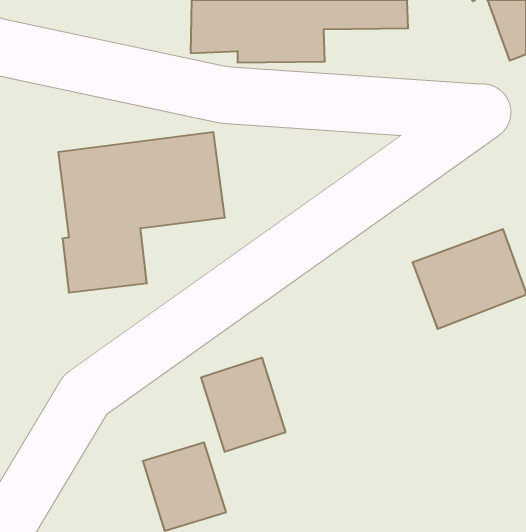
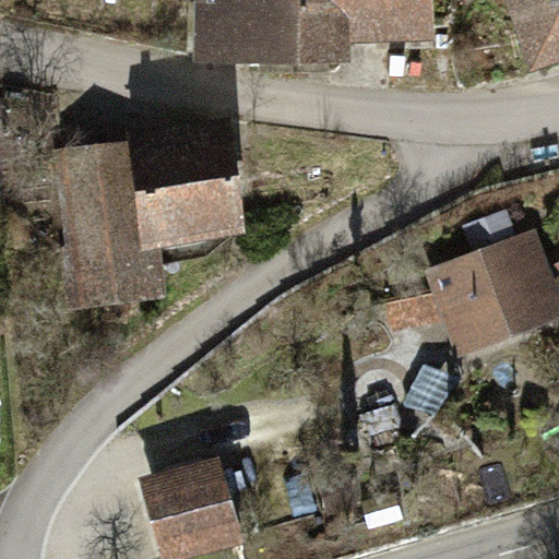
building: [201,358,285,452] -> none

